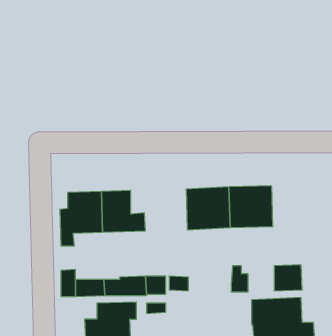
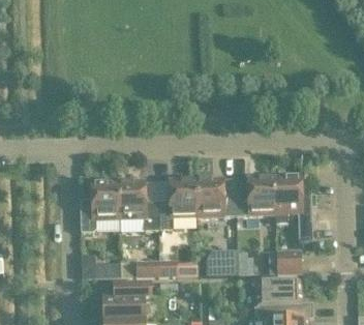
building: none -> [273,177,311,241]
building: none -> [156,181,195,231]
building: none -> [205,252,236,276]

